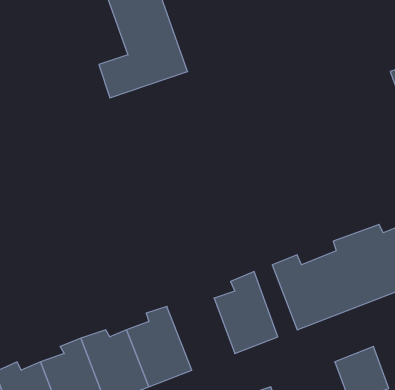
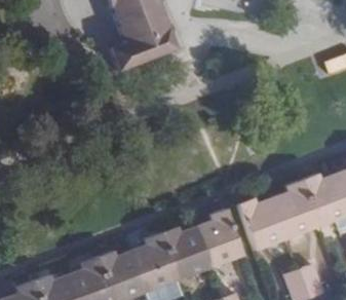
building: none -> [157,226,207,280]

